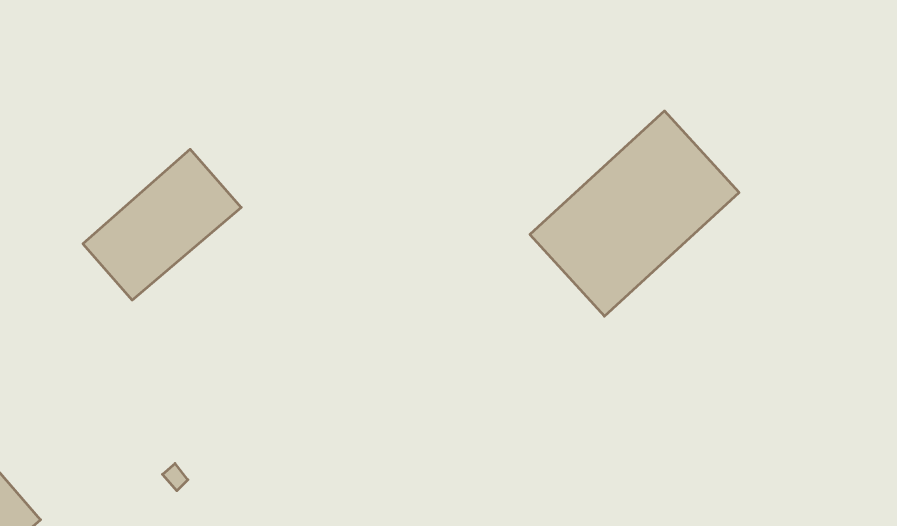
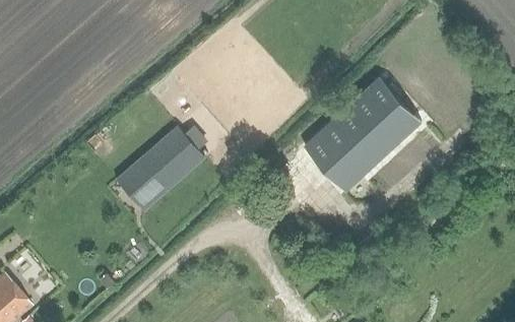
building: [83,149,241,300] -> [118,127,206,211]

